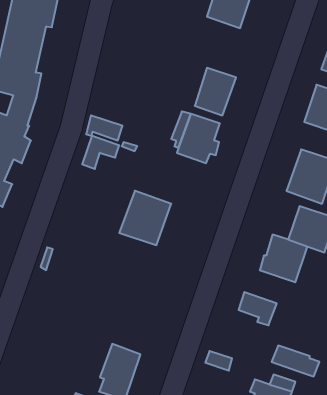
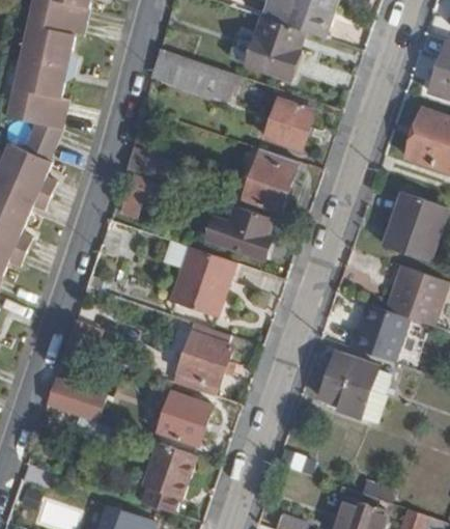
building: none -> [246,17,302,78]
building: none -> [152,49,232,101]
building: none -> [203,205,272,262]
building: none -> [172,326,231,393]
building: none -> [47,378,105,421]
building: none -> [158,392,212,444]
building: [272,346,319,376] -> [328,355,389,394]

